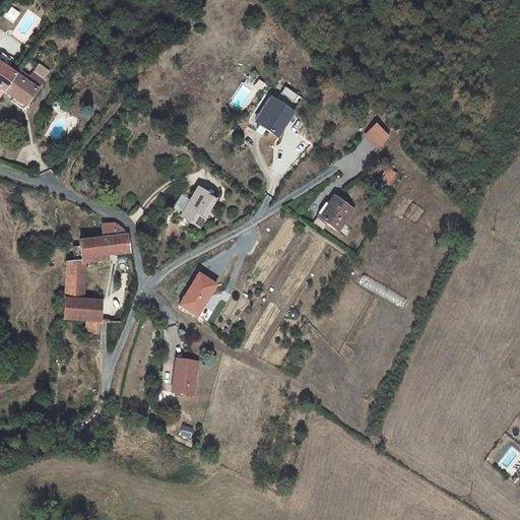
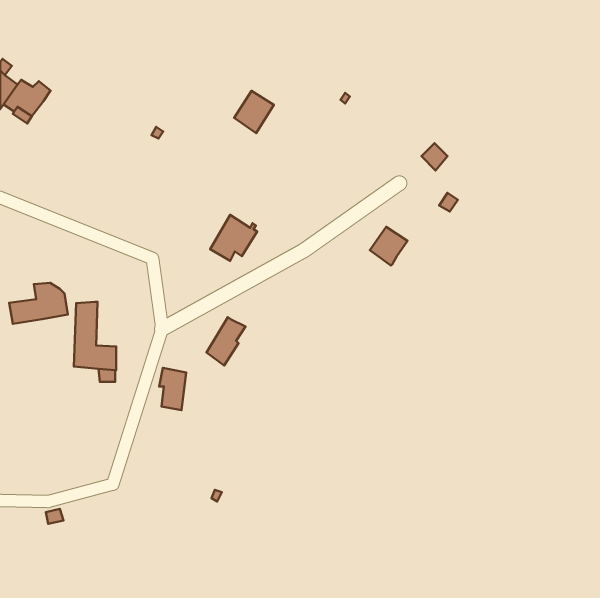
building: [258,99,292,135] -> [234,91,274,133]
building: [79,222,130,258] -> [9,283,68,324]
building: [174,358,197,394] -> [159,368,186,410]

